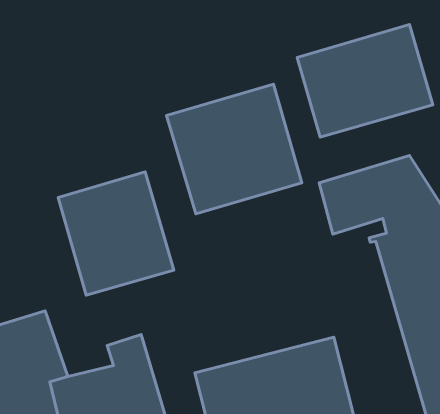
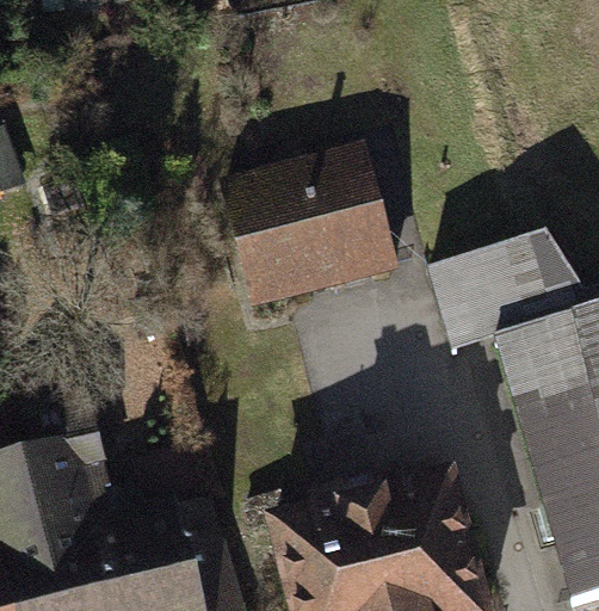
building: [297,25,433,137] -> none
building: [58,172,174,295] -> none

